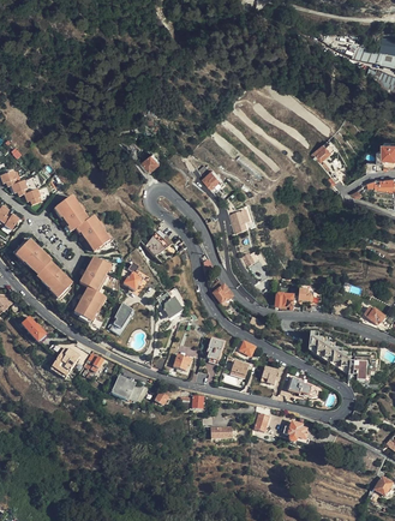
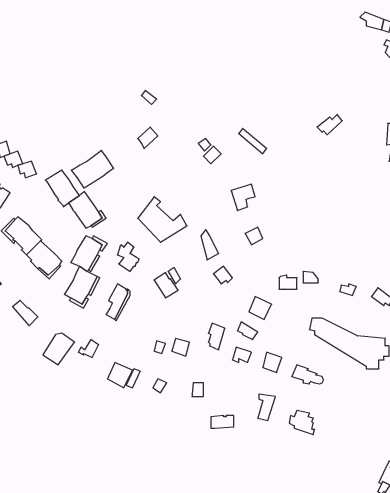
building: none -> [71,150,114,188]

